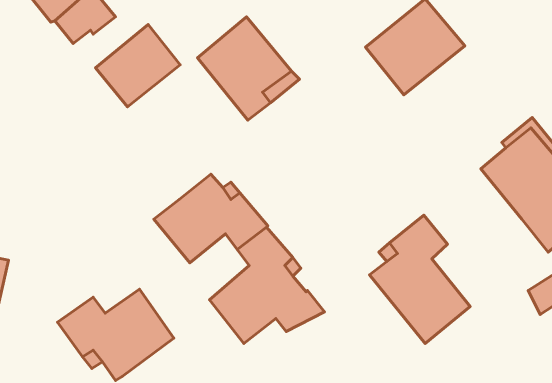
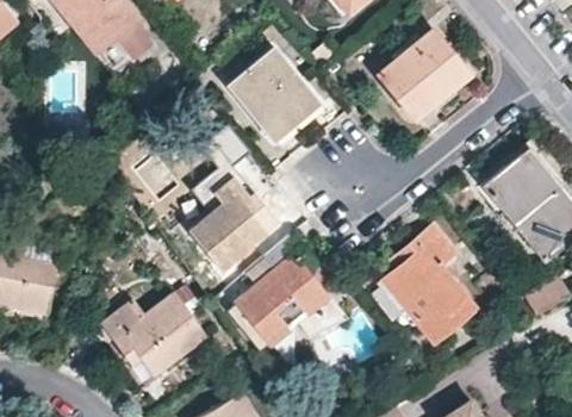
building: [95,25,180,107] -> none

